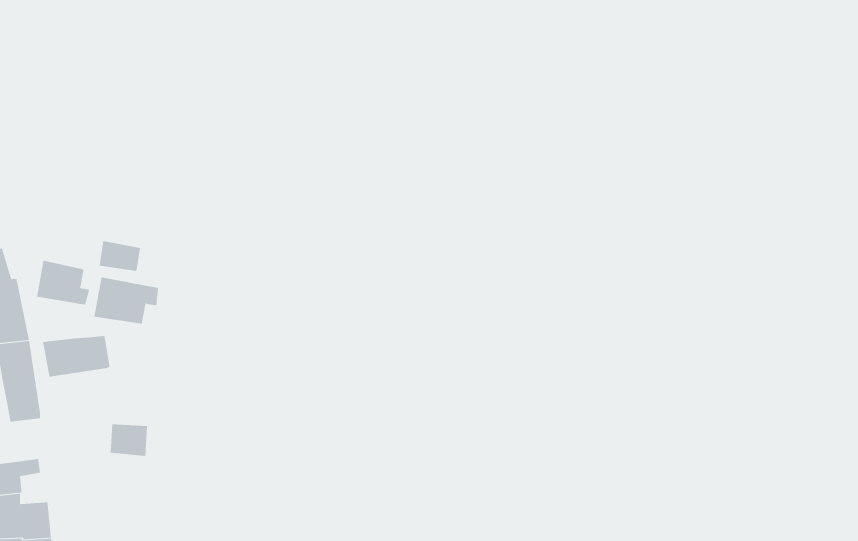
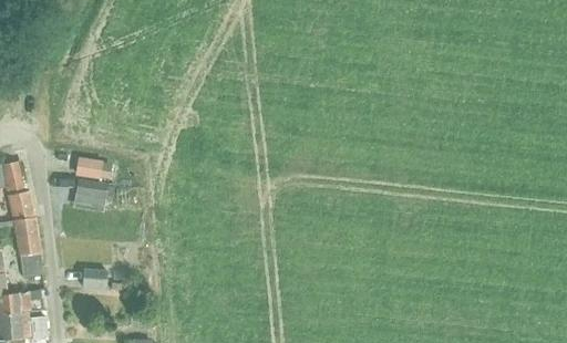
building: [36,260,90,306] -> none
building: [42,335,110,378] -> none

